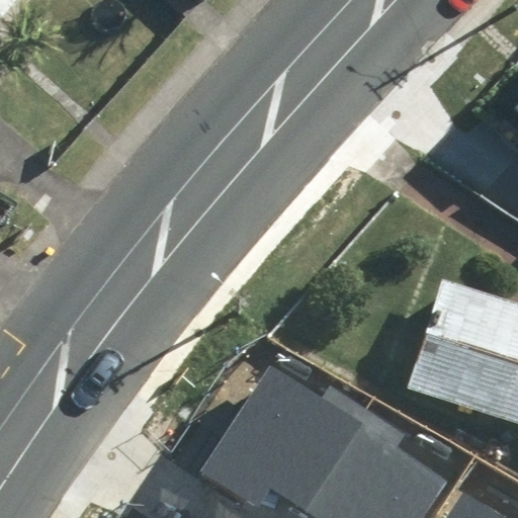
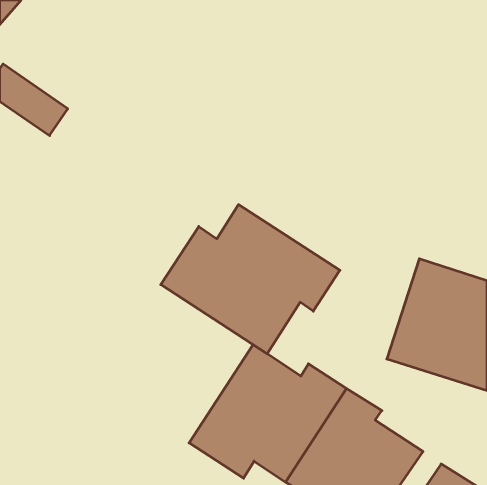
building: none -> [161,205,340,354]

